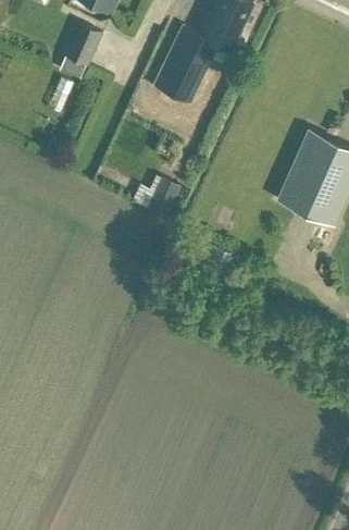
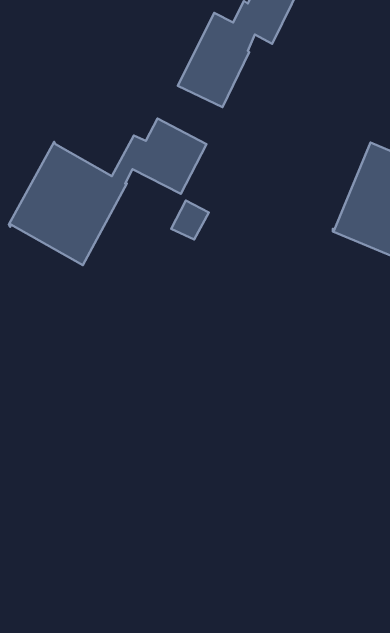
building: [53,23,99,79] -> none
building: none -> [9,119,206,265]

